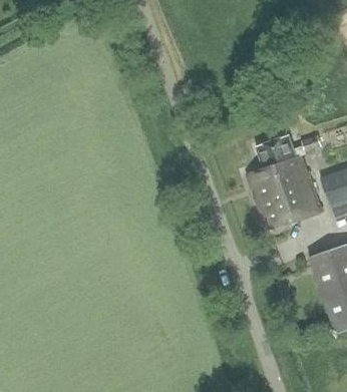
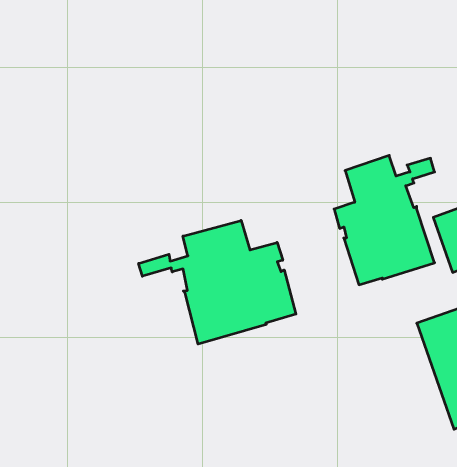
building: none -> [139,220,296,344]

